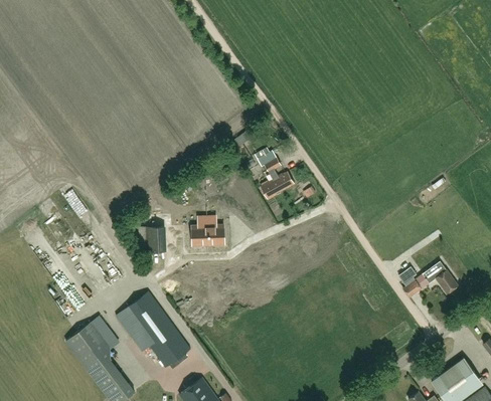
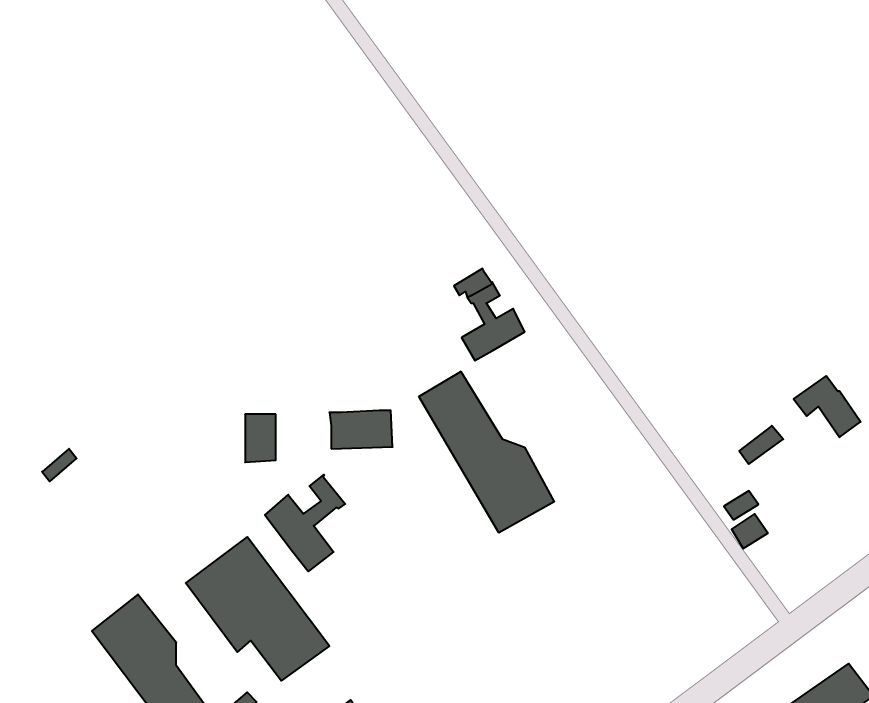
building: none -> [419,371,554,533]
building: none -> [265,475,345,571]
building: [423,261,458,293] -> [794,376,861,437]

